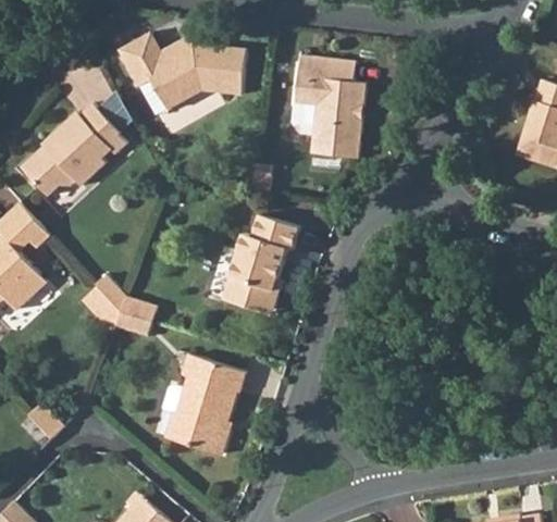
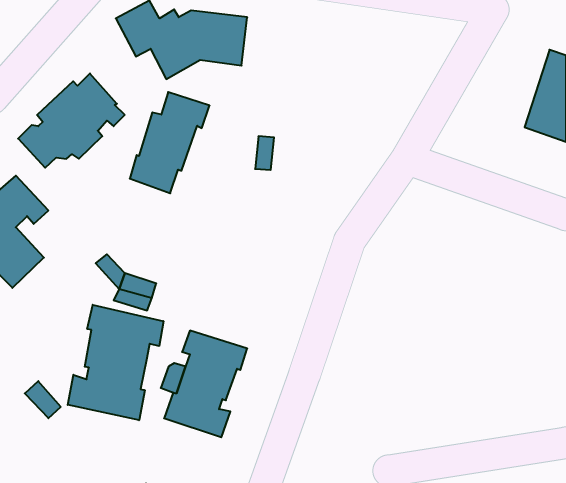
building: [293,55,364,161] -> none
building: [221,214,298,312] -> [130,92,210,193]
building: none -> [68,305,163,420]

